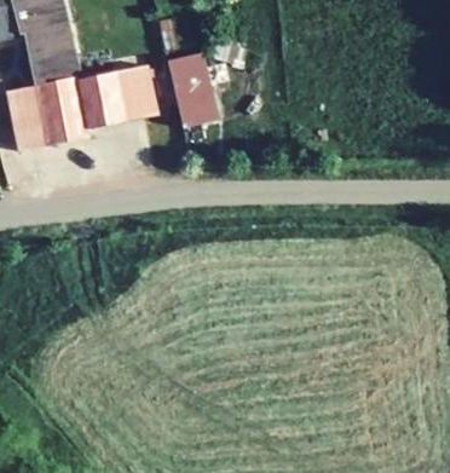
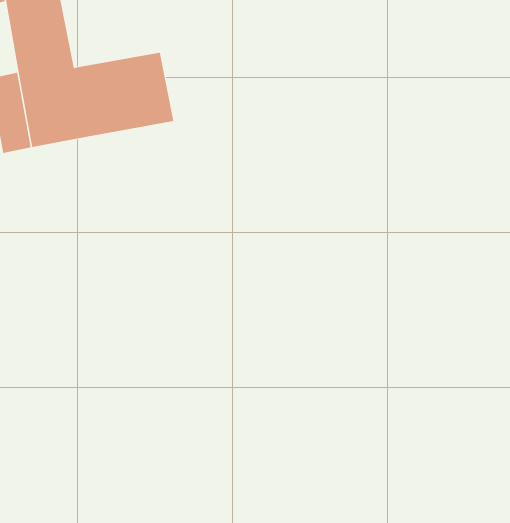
building: [160,39,215,127] -> none

